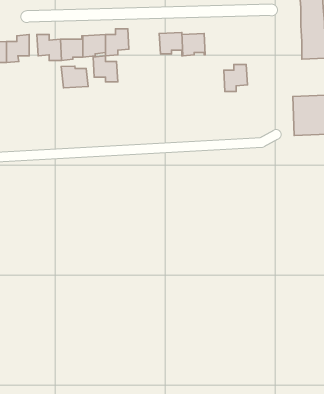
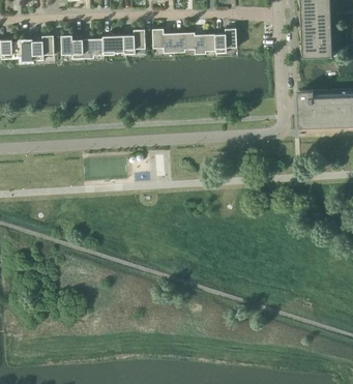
building: [93,56,118,82] -> [152,29,175,53]
building: [224,65,247,92] -> [215,29,237,54]
building: [61,66,88,88] -> none

